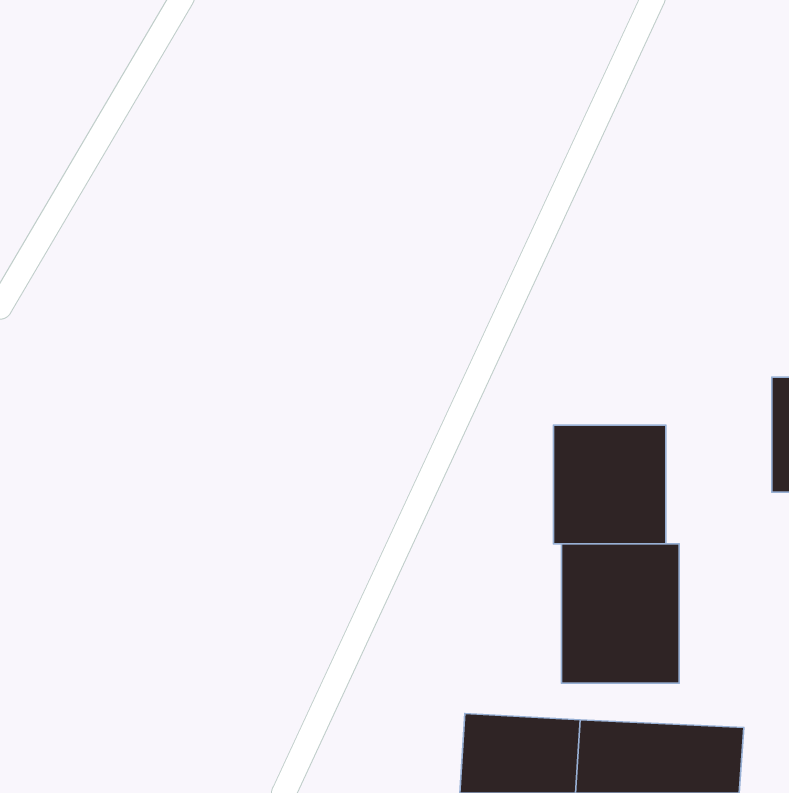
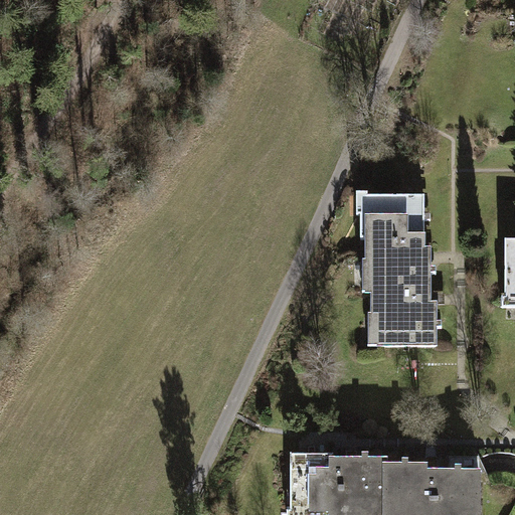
building: none -> [361,192,435,275]
building: [562,544,679,683] -> none

